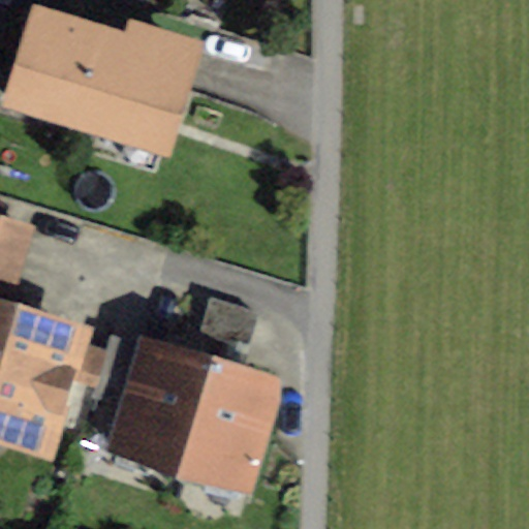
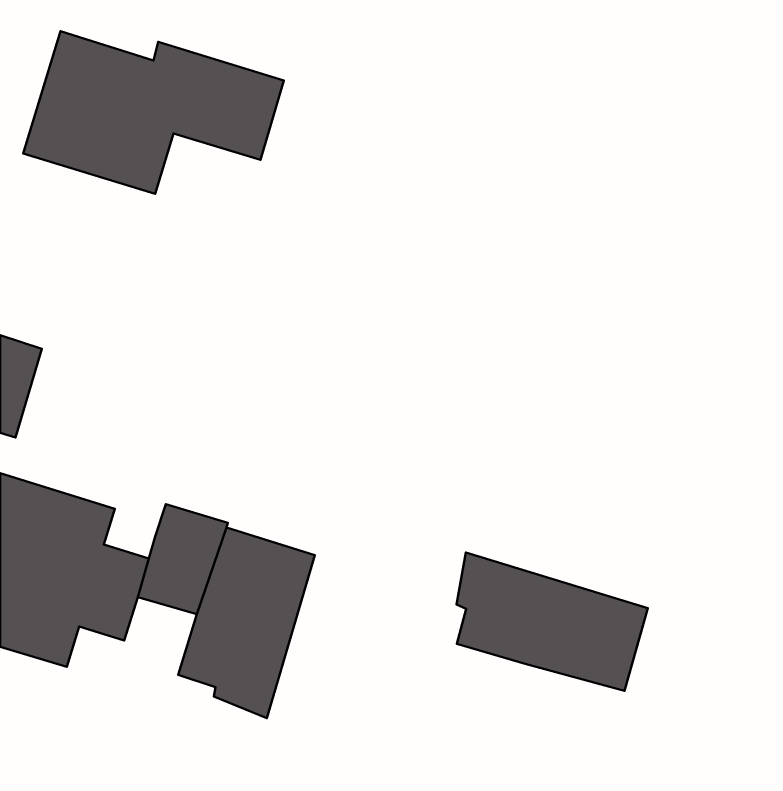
building: none -> [457,552,648,691]
building: [184,371,274,488] -> none

